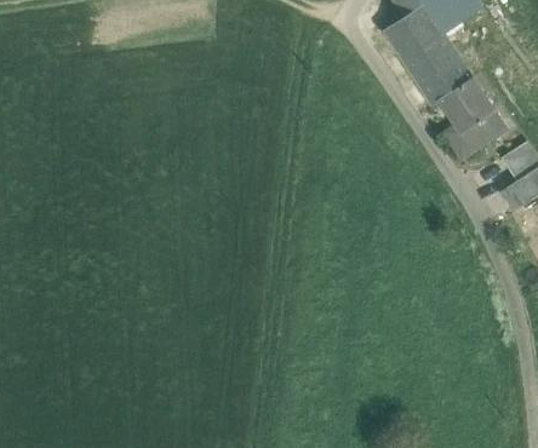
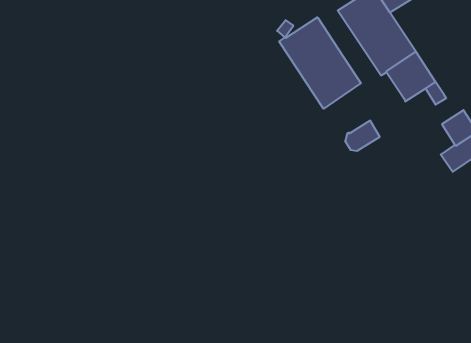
building: none -> [279,17,361,109]
building: [454,119,493,153] -> [345,121,380,151]

